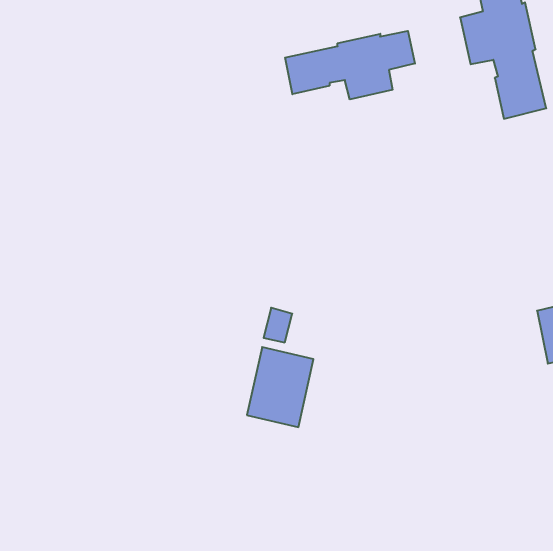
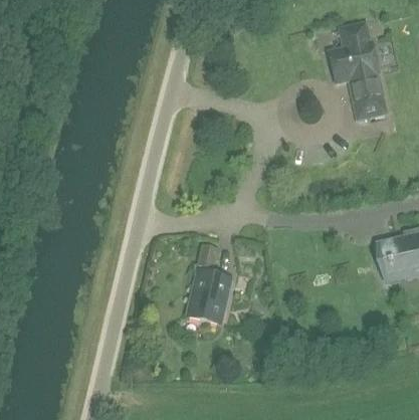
building: [285,31,415,99] -> none

